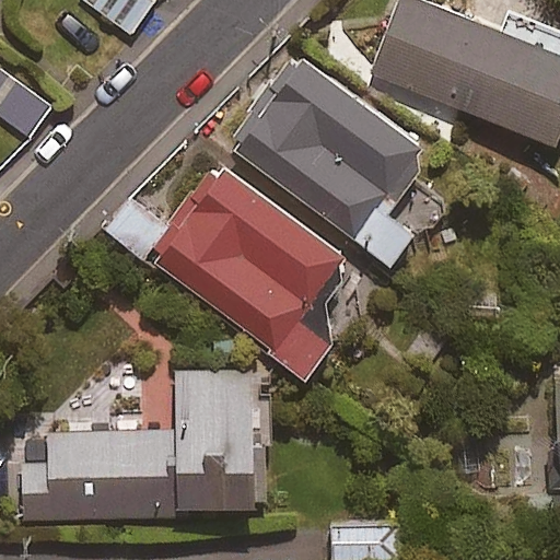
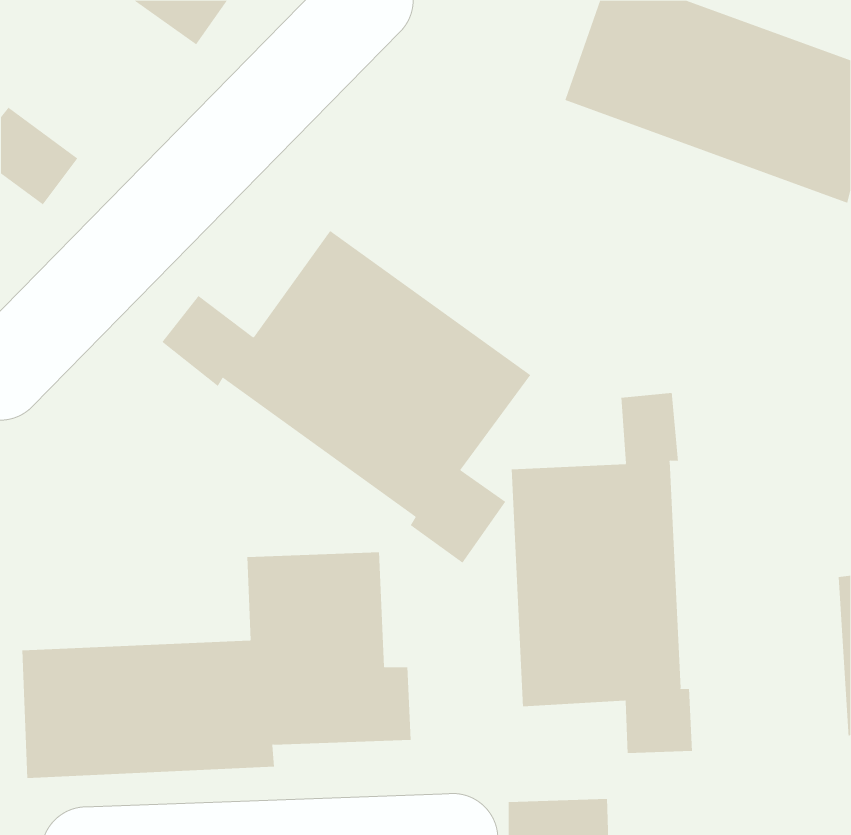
building: [232,56,425,261] -> none
building: none -> [511,392,693,754]

